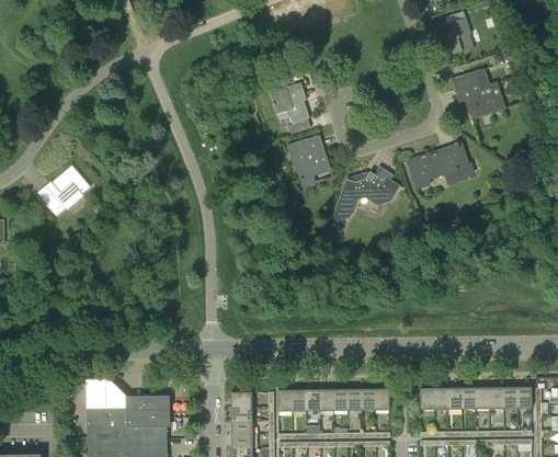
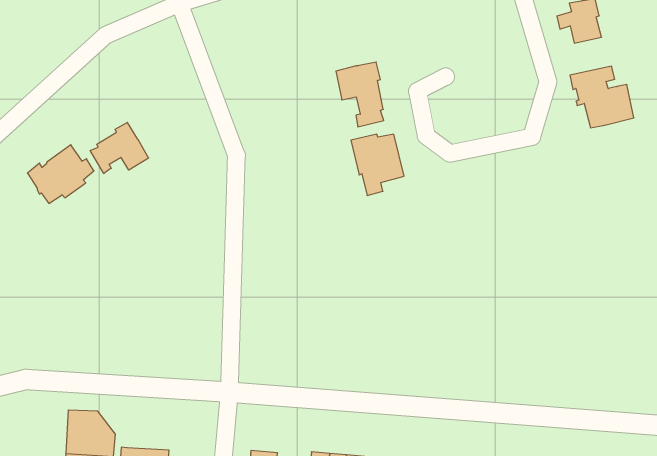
building: [407,141,472,188] -> none
building: none -> [90,122,149,174]
building: [332,171,398,220] -> none

